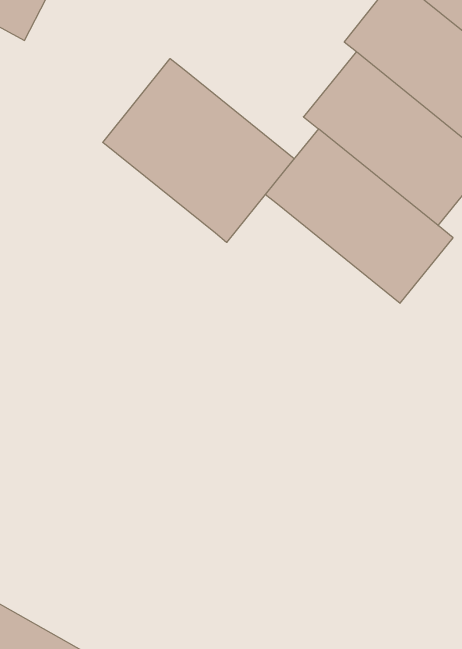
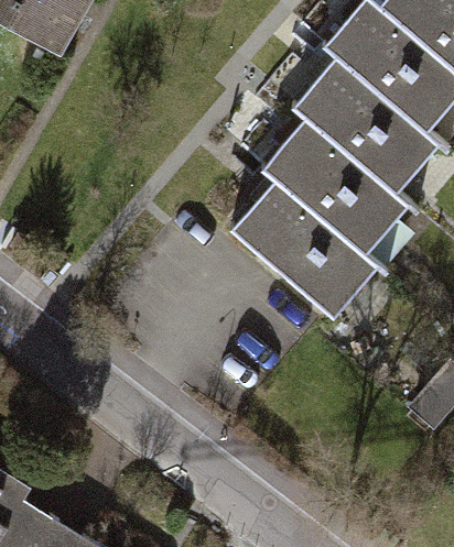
building: [103,59,294,242] -> none
building: none -> [223,185,375,325]

